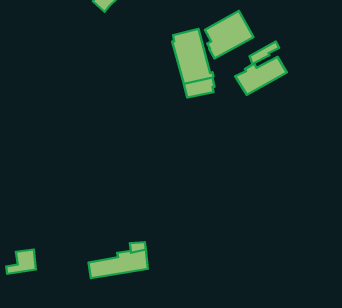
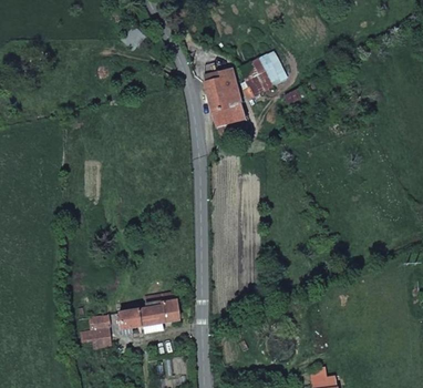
building: [235,57,287,95] -> none
building: [6,250,36,274] -> [80,314,111,339]

